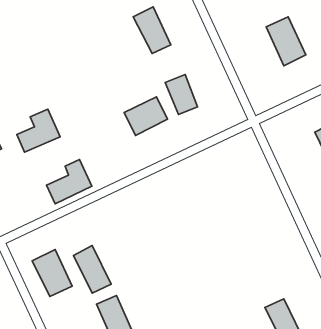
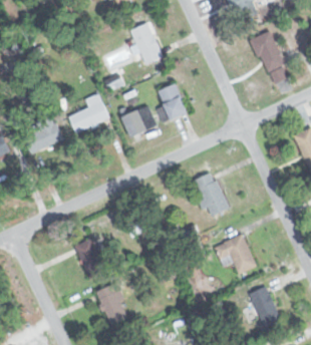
building: [46,160,92,204] -> [67,93,108,133]
building: none -> [194,171,229,216]
building: none -> [213,233,256,274]
building: [32,249,72,296] -> none

